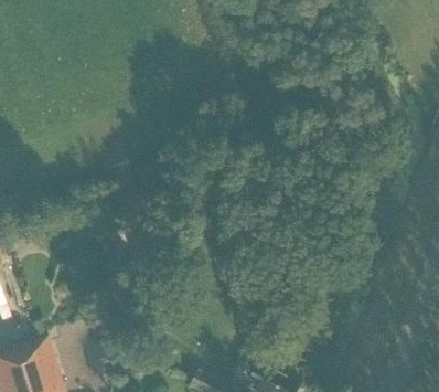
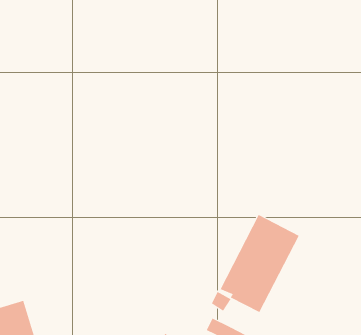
building: none -> [220,214,300,313]

